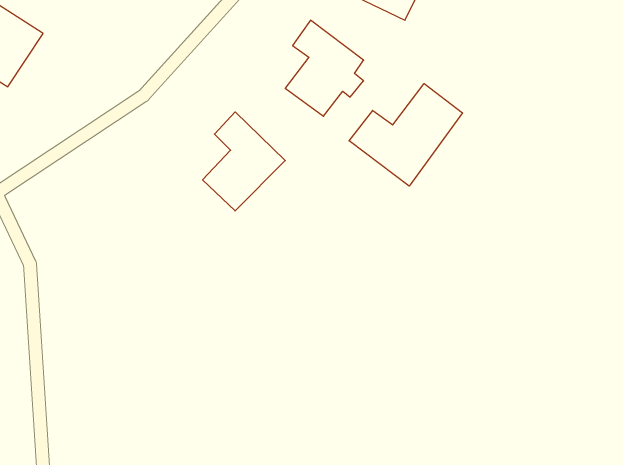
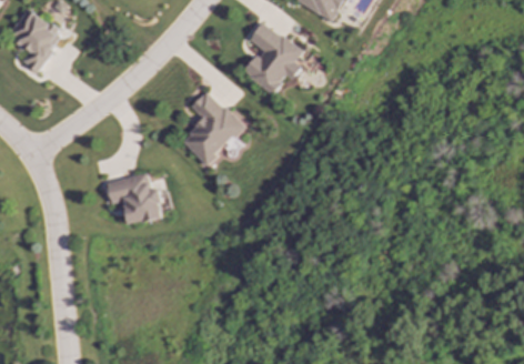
building: [349,84,463,186] -> none
building: none -> [105,173,163,224]

